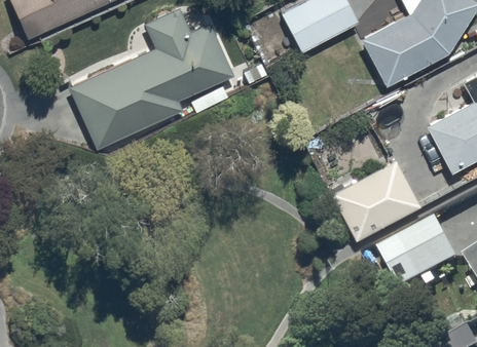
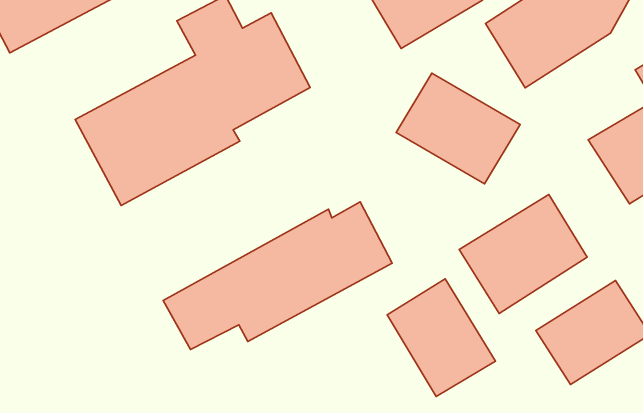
building: none -> [396,73,520,184]
building: none -> [163,202,392,349]
building: none -> [387,279,496,397]

